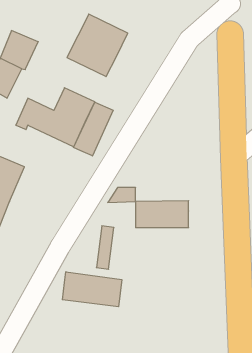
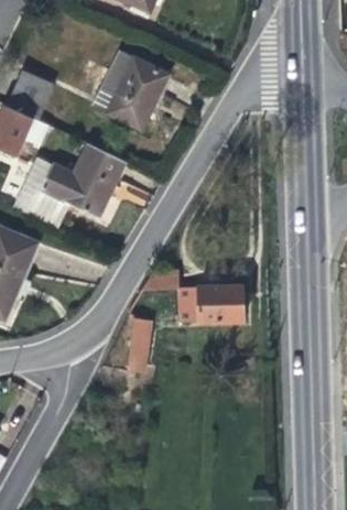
building: [74,102,113,156] -> none
building: [62,272,122,307] -> none

